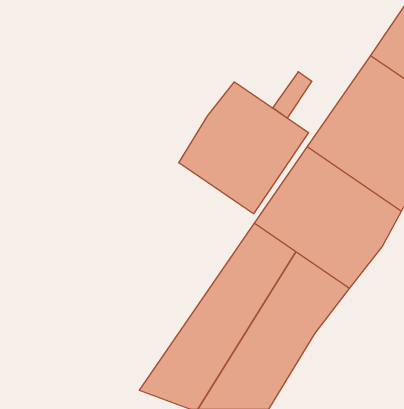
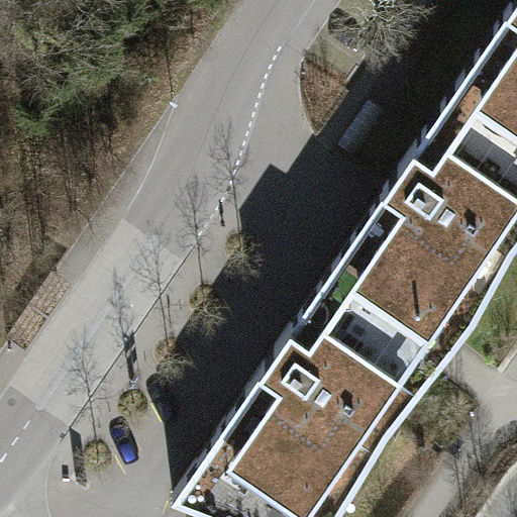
building: [179,82,308,214] -> none

